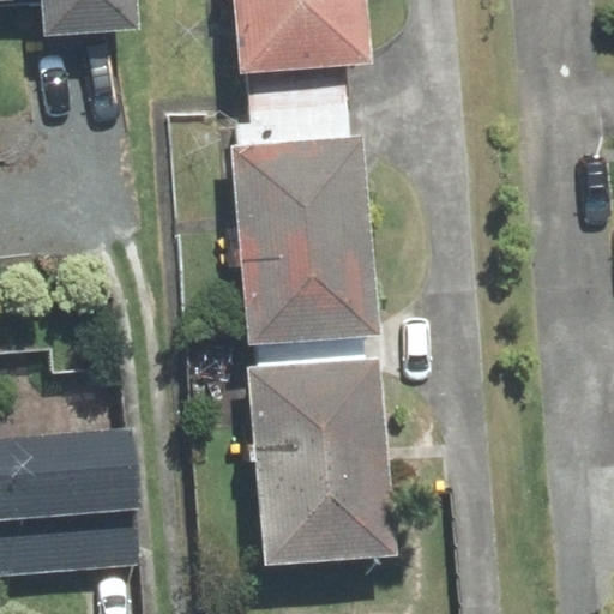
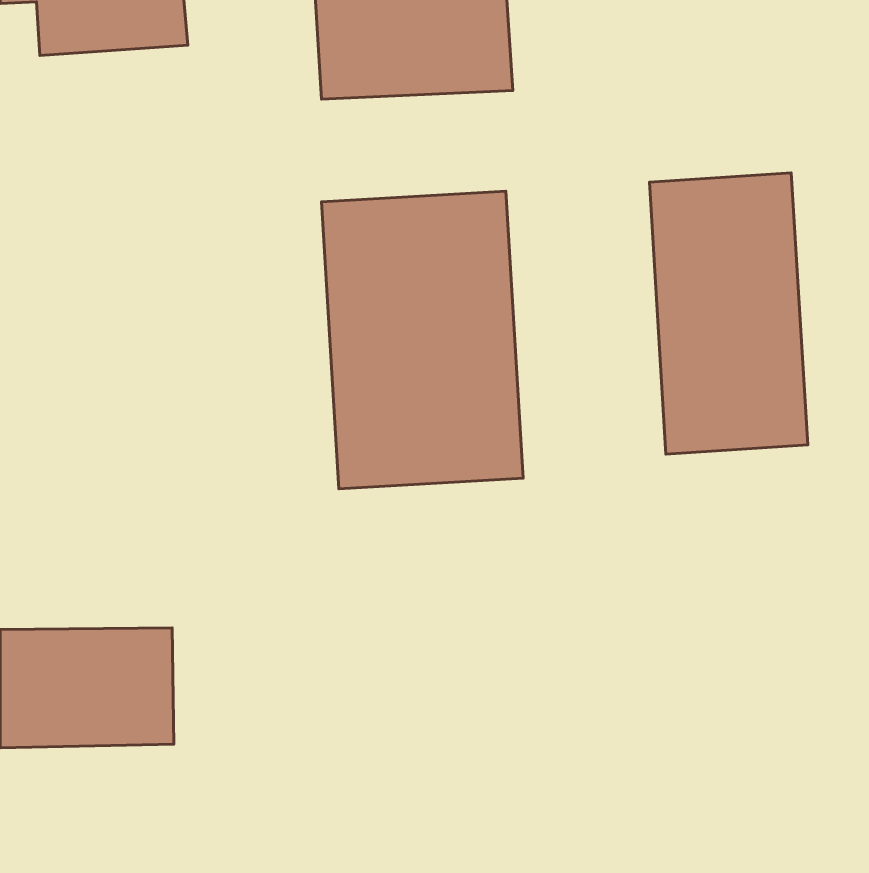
building: none -> [649,173,808,454]
building: [252,363,393,564] -> none

